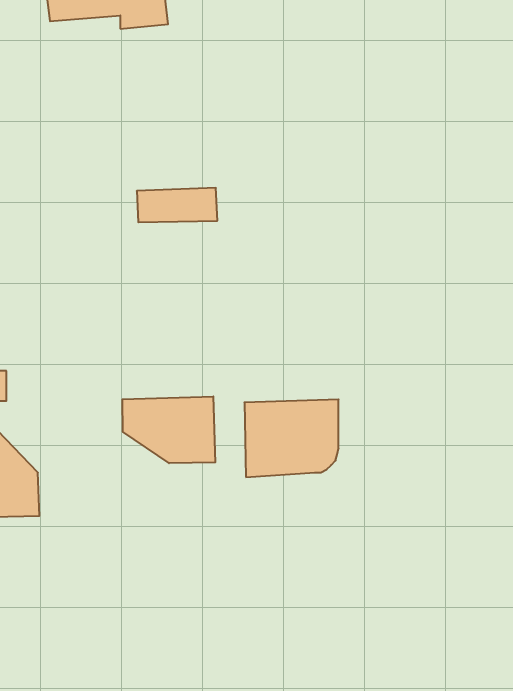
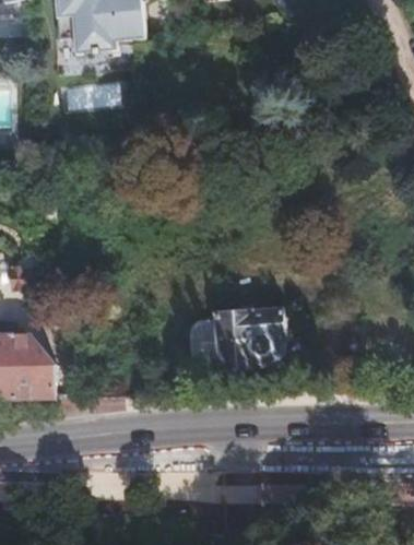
building: [137,188,217,222] -> [62,84,121,109]
building: [122,396,215,463] -> none

